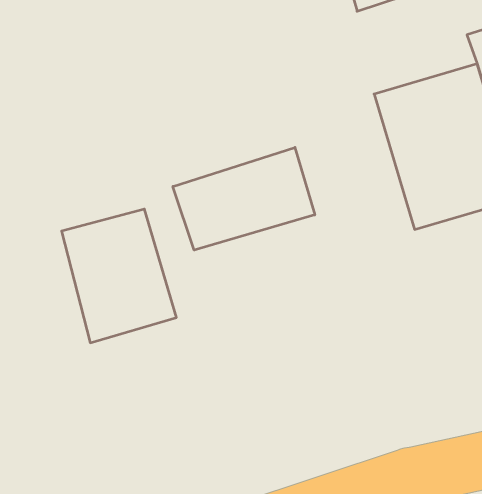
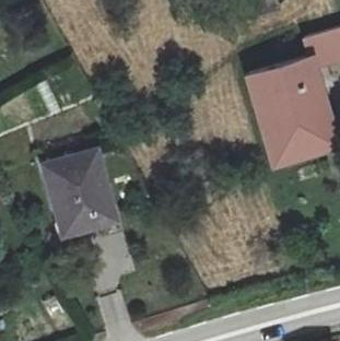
building: [173,147,315,250] -> none

